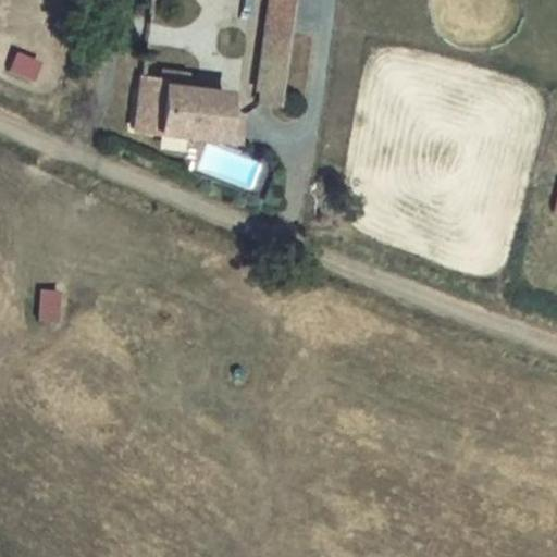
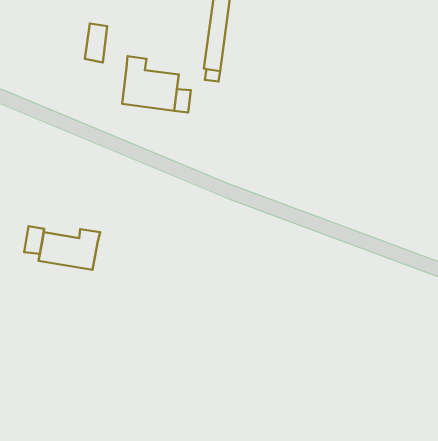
building: [137,82,165,131] -> [85,23,107,62]
building: none -> [39,229,100,270]

